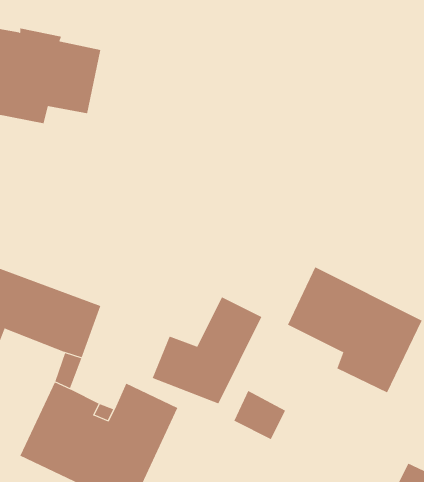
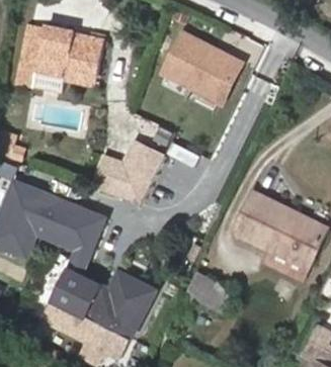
building: none -> [165,33,252,103]
building: [152,297,262,404] -> [91,136,168,211]

